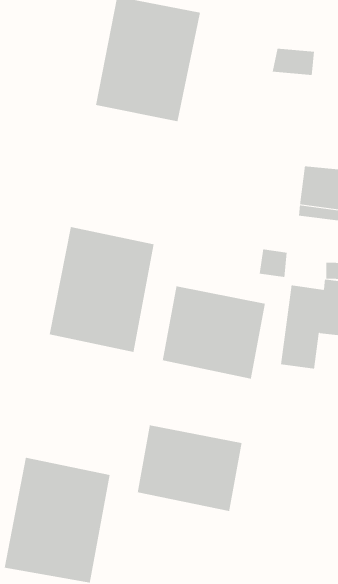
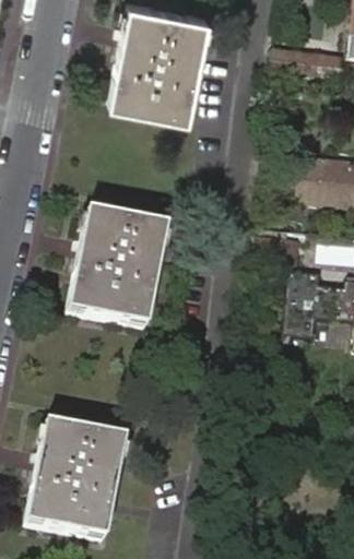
building: [162,285,265,380] -> none
building: [137,425,242,512] -> none

